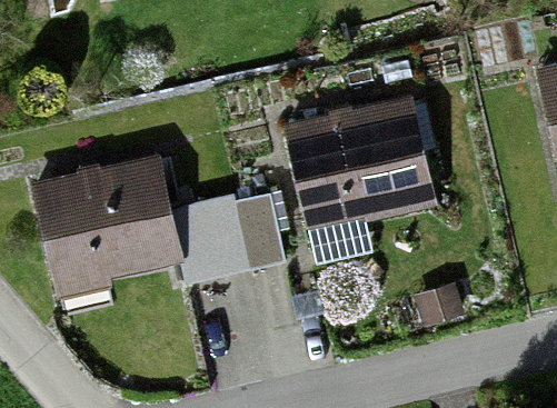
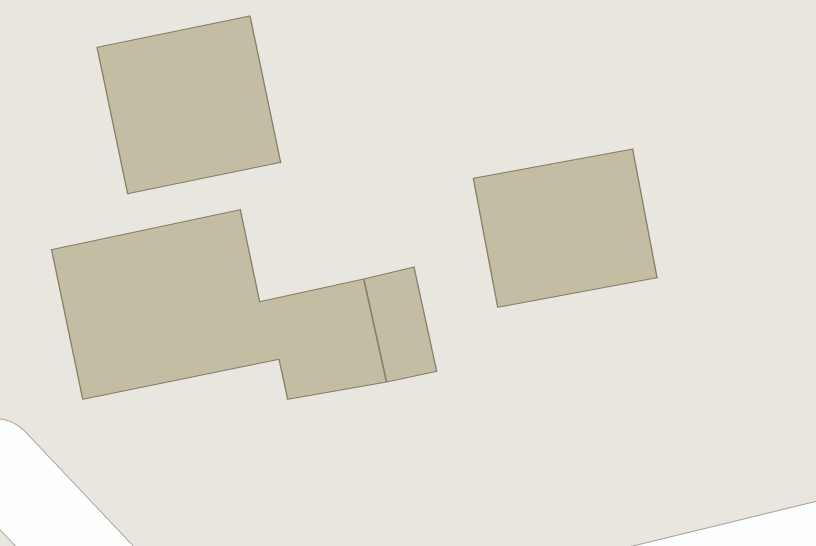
building: none -> [97,16,280,194]

